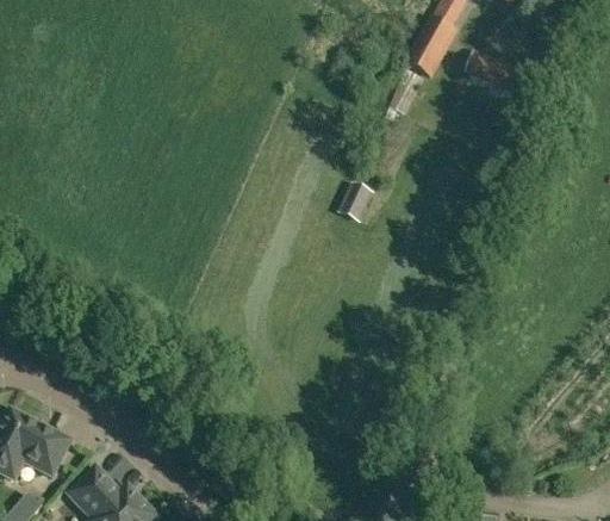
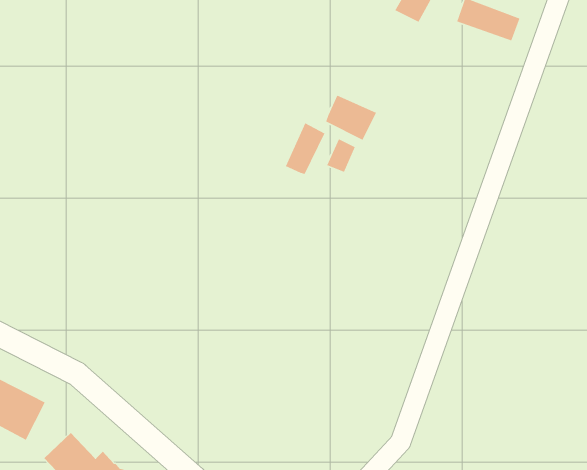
building: none -> [325,95,377,141]
building: none -> [285,122,325,175]

